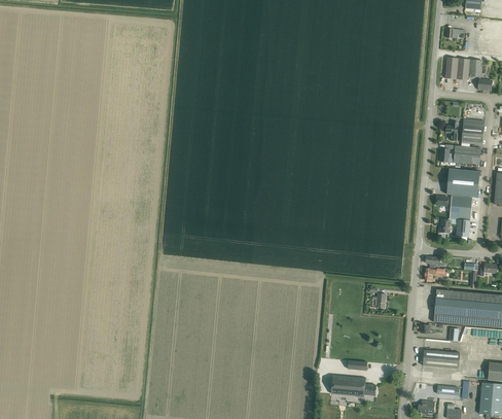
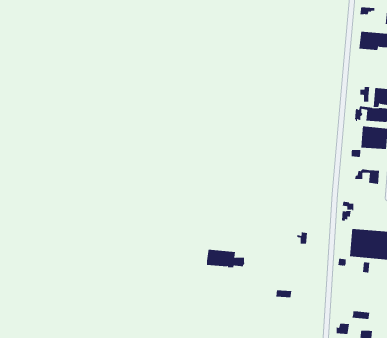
building: [451,196,472,219] -> none
building: [424,350,460,369] -> none
building: [331,376,378,397] -> [206,249,246,268]

